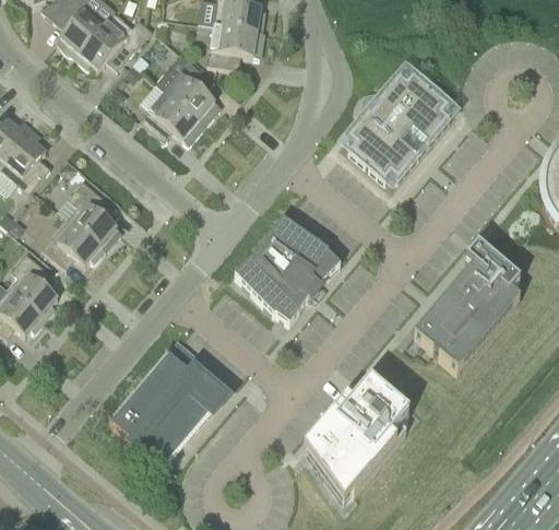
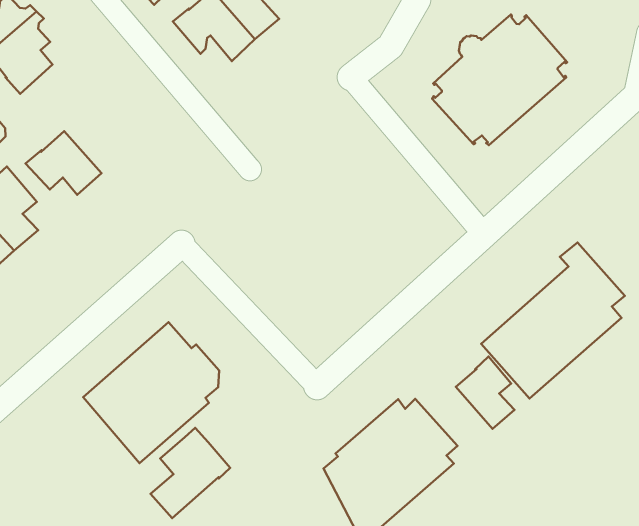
building: [68,175,118,242] -> none
building: [236,213,342,319] -> none
building: none -> [456,357,514,429]
building: none -> [150,428,230,518]

